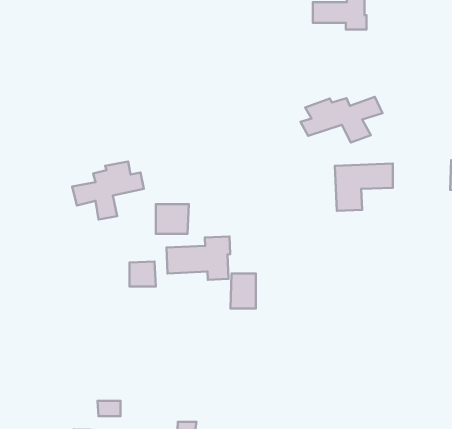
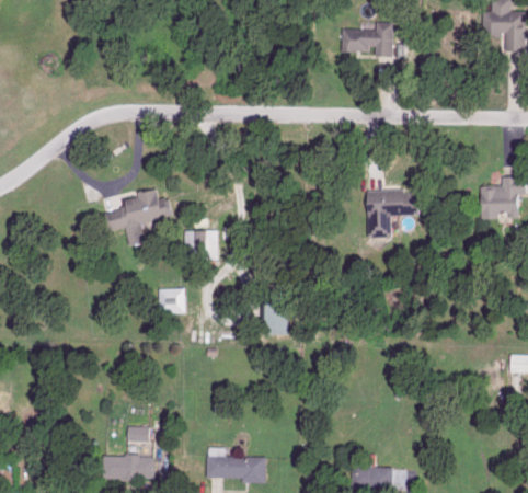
building: [301,97,383,143] -> none
building: [166,237,230,280] -> none

